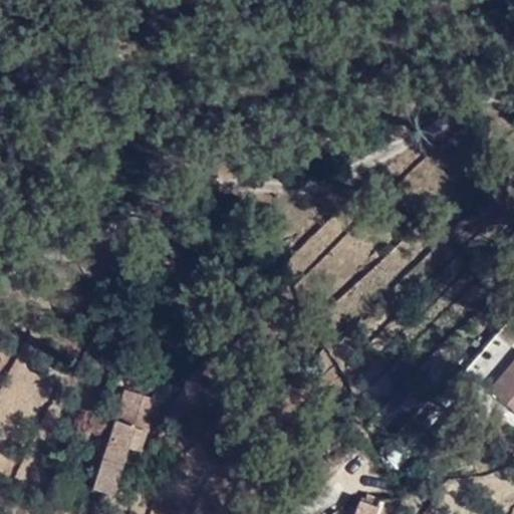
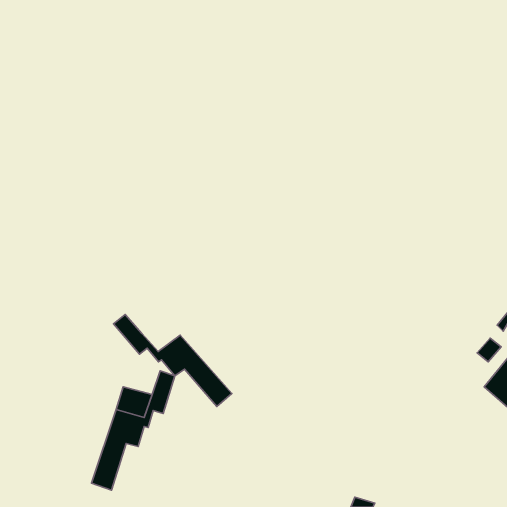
building: none -> [114,314,232,407]

